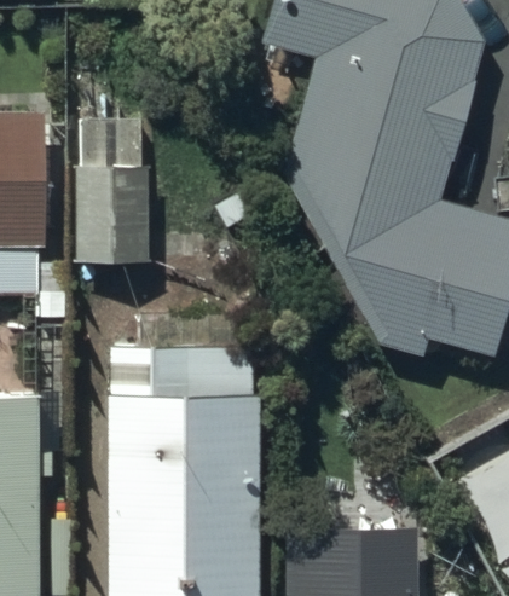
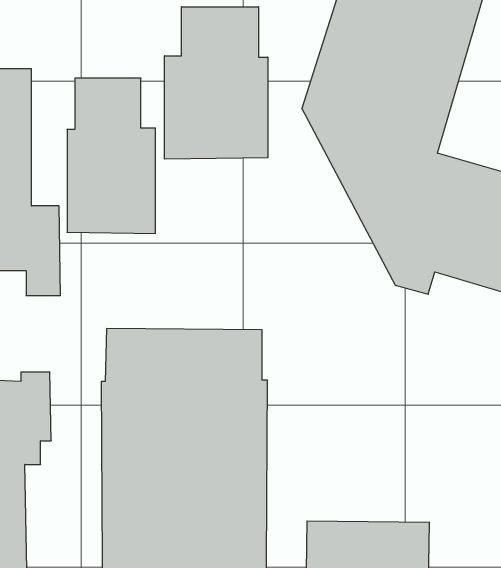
building: none -> [165,7,268,159]

